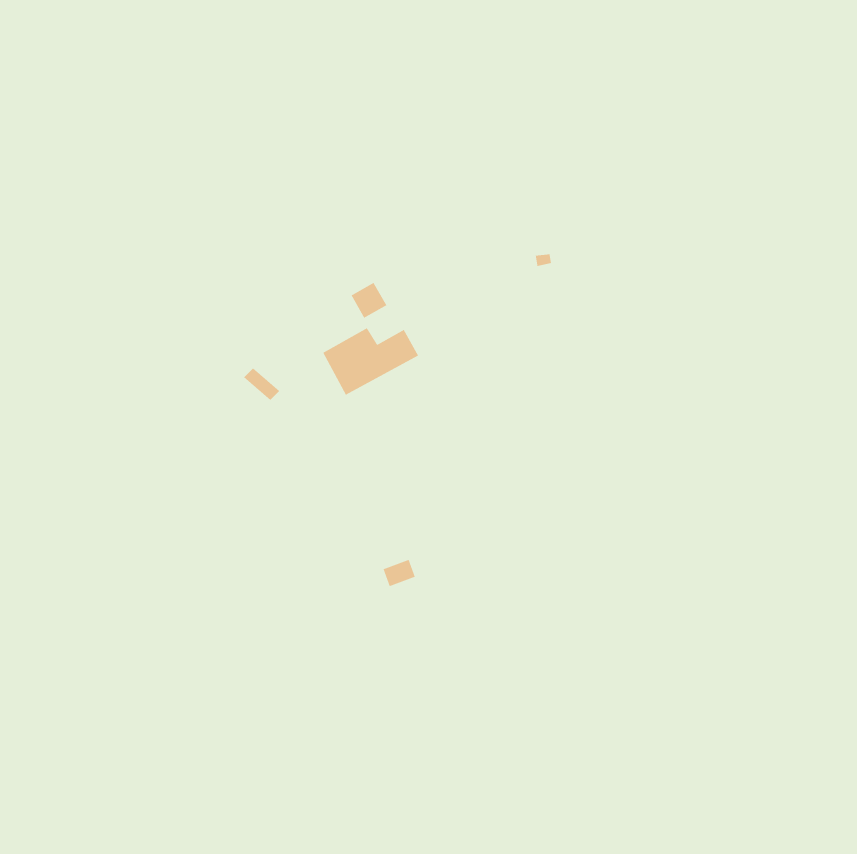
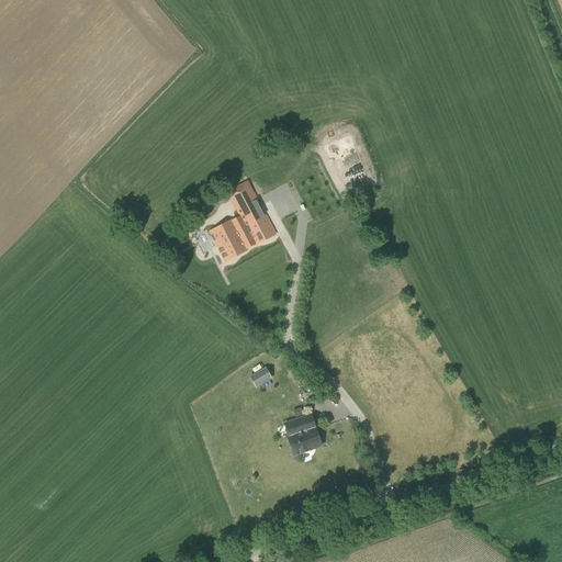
building: none -> [285,417,322,453]

